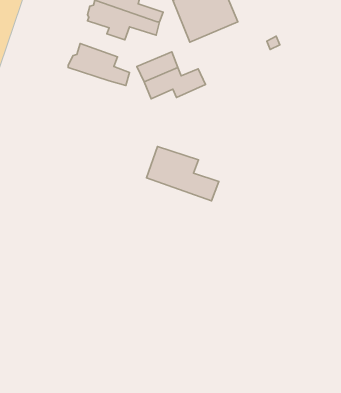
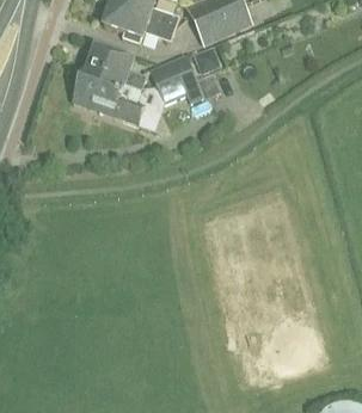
building: [147,147,219,201] -> [73,69,145,123]

